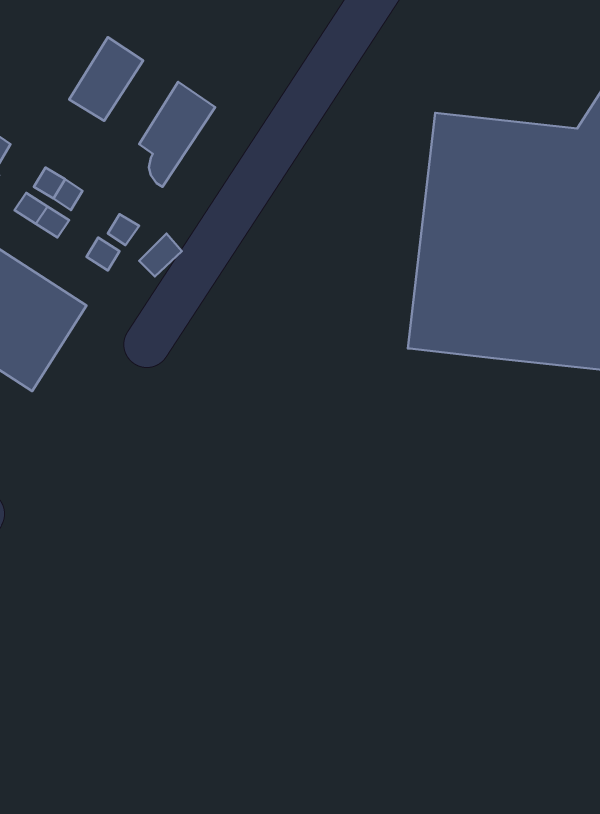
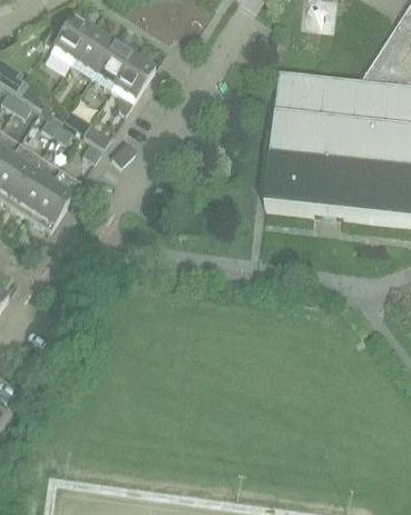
building: none -> [50,10,94,61]
building: none -> [91,39,134,87]

